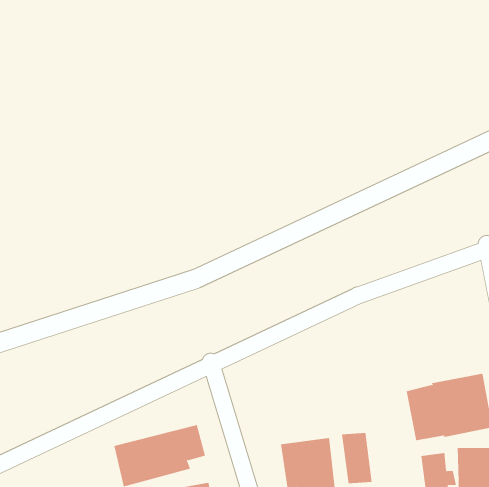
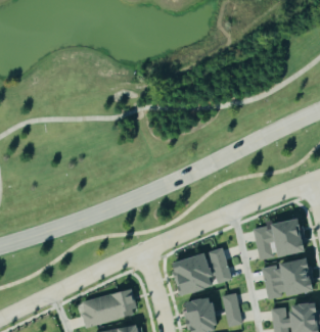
building: none -> [253,219,307,260]
building: none -> [174,248,231,295]

